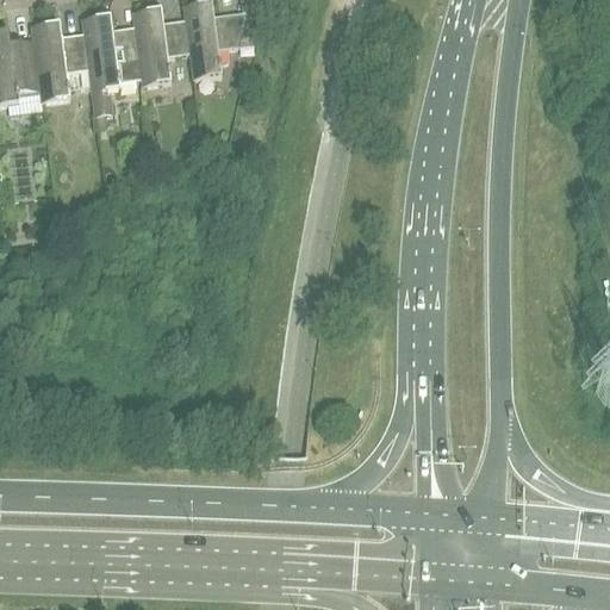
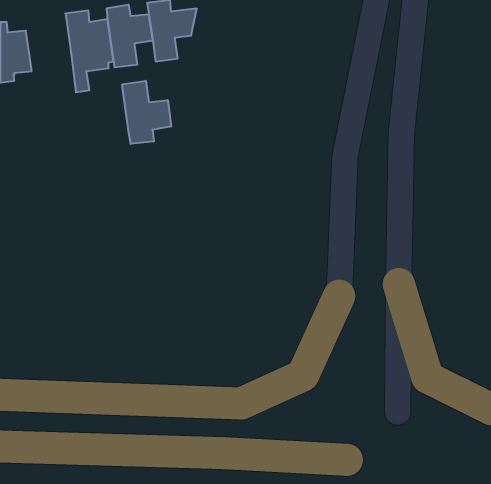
building: [31,20,88,100] -> none
building: none -> [122,81,171,144]

